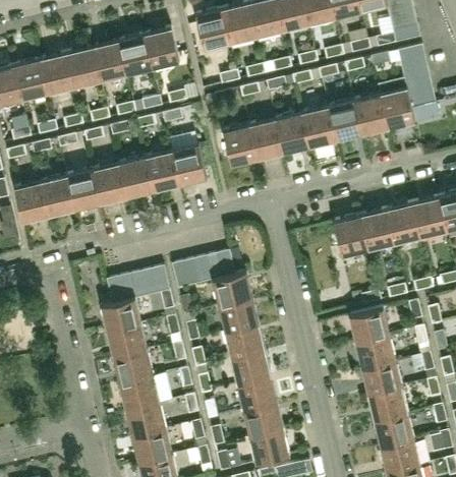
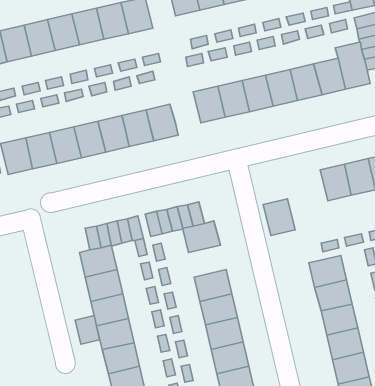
building: [334,216,368,255] -> [263,199,295,235]
building: [218,297,259,332] -> none
building: none -> [75,316,100,344]

